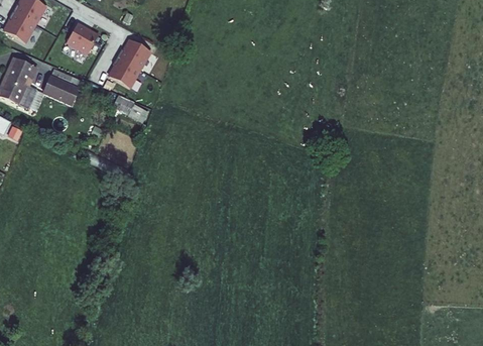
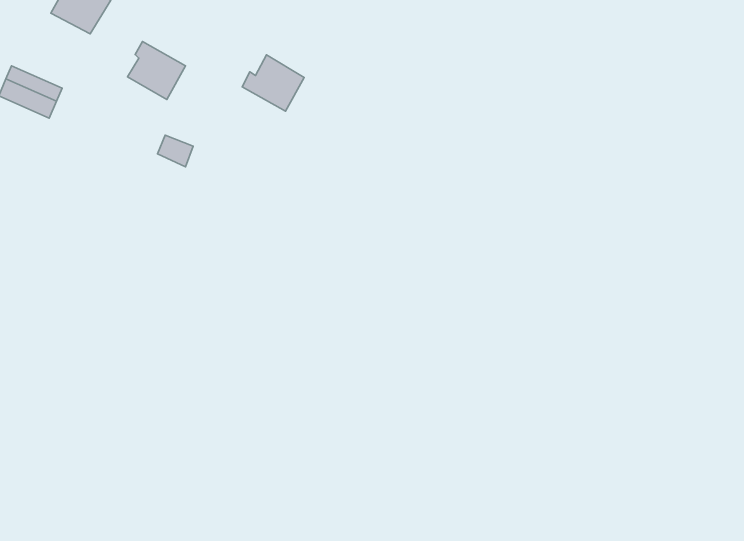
building: [117,37,150,68] -> [242,55,304,111]

